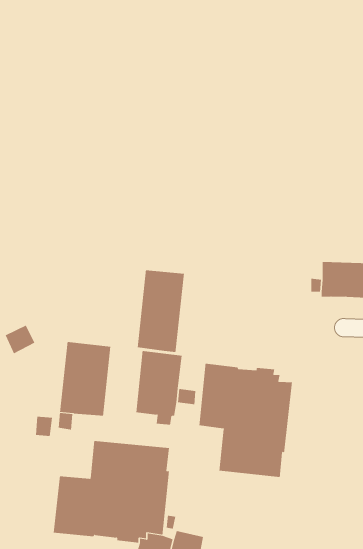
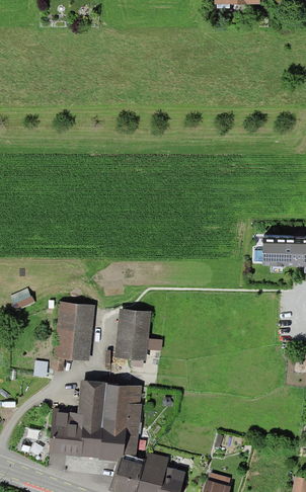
building: [137,269,185,353] -> none
building: [199,363,292,478] -> none

